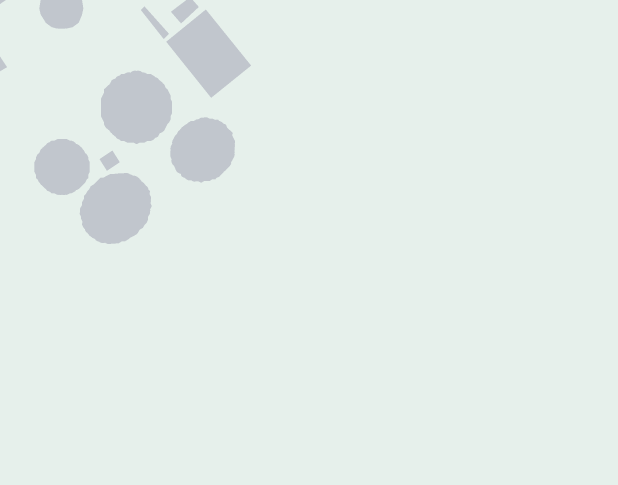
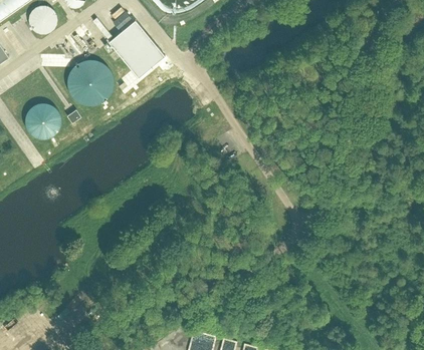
building: [170,117,236,183] -> none
building: [79,172,153,245] -> none

